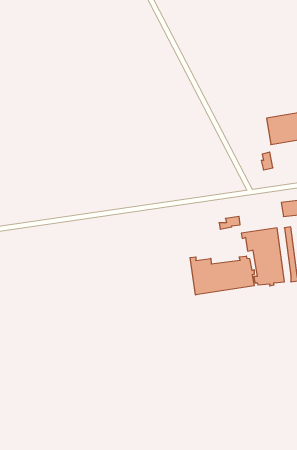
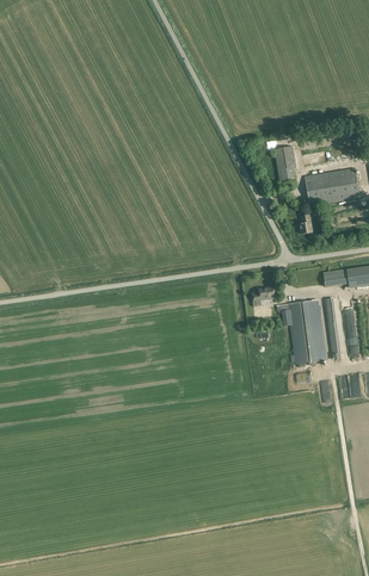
building: none -> [275,145,296,182]
building: [190,256,254,295] -> none

